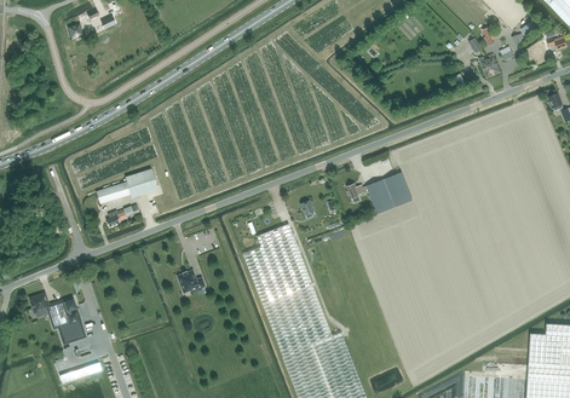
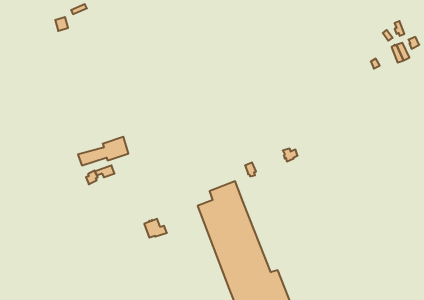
building: [365,172,413,214] -> none
building: [29,292,87,346] -> none

